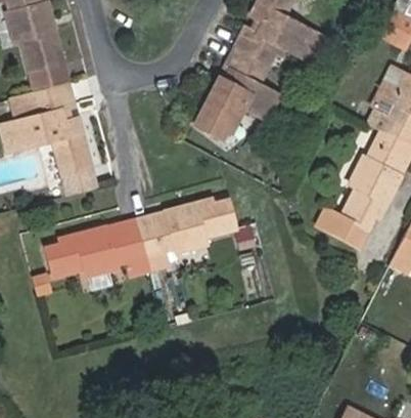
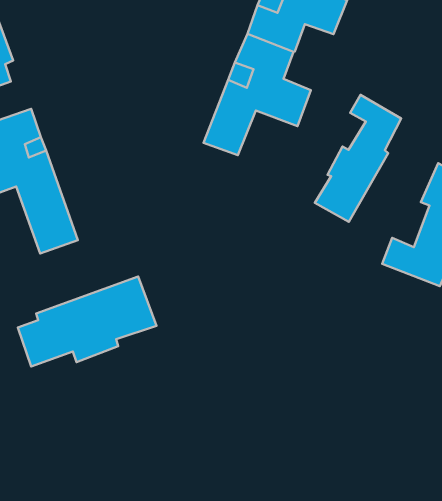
building: none -> [315,95,401,222]
building: [138,199,238,257] -> none

